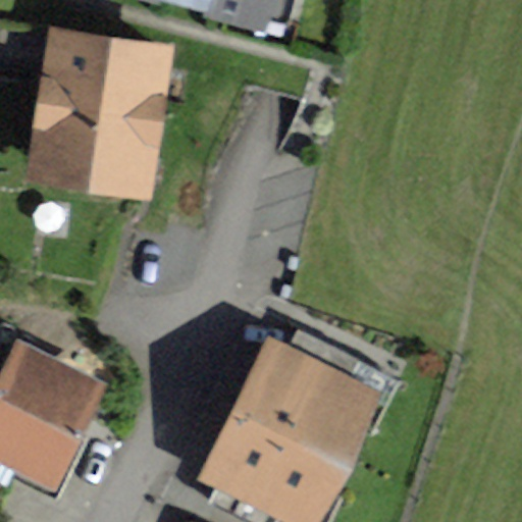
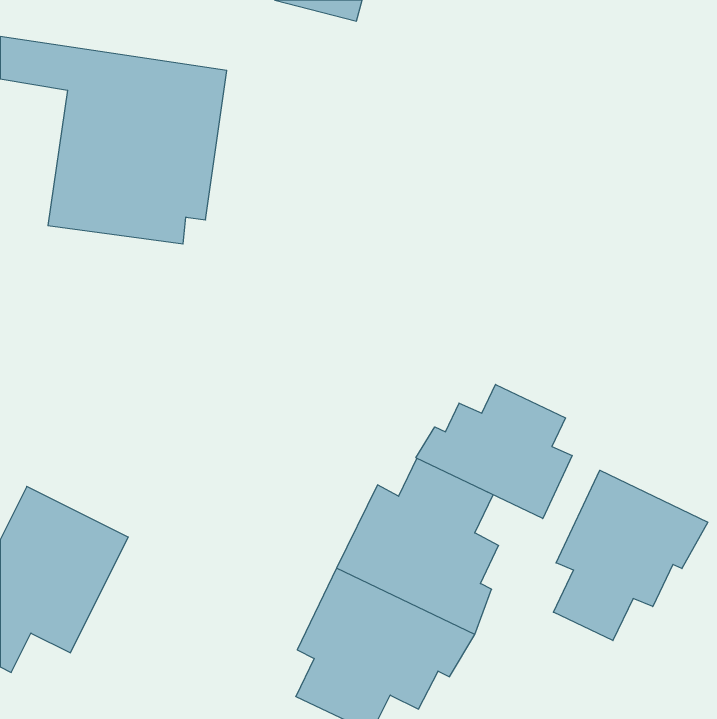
building: none -> [416,384,572,519]
building: none -> [553,470,708,641]

